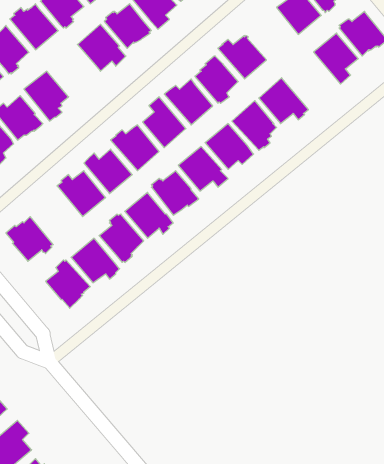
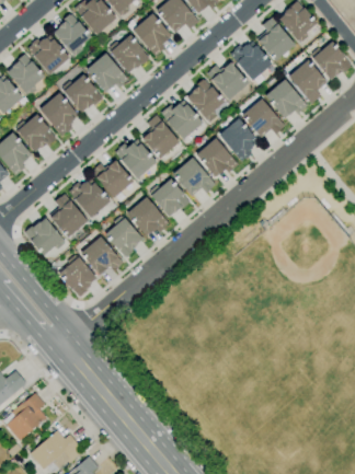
building: none -> [229,42,272,81]
building: none -> [61,74,102,113]
building: none -> [264,80,307,118]
building: none -> [48,194,87,238]

